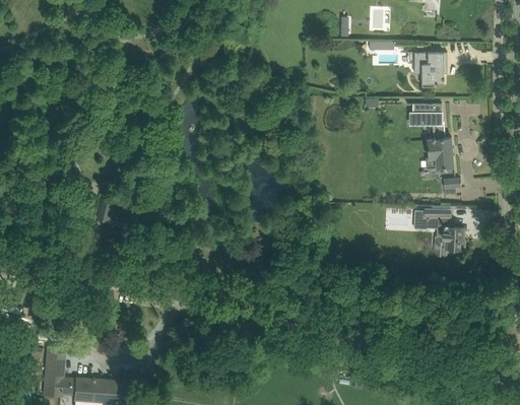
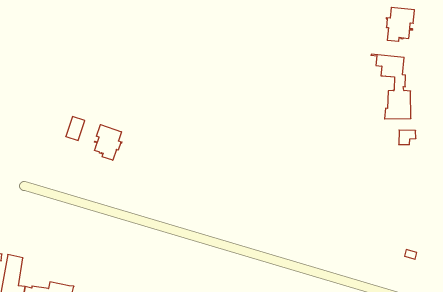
building: none -> [94,125,122,160]
building: [413,209,464,255] -> none

